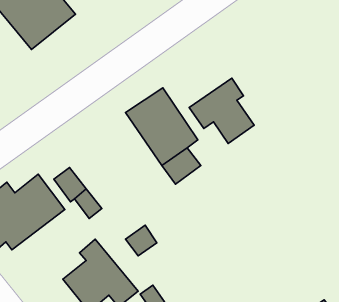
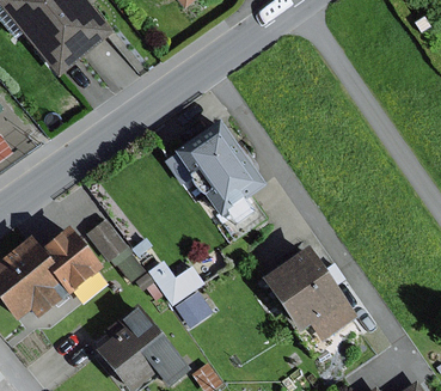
building: [189,78,254,144] -> none
building: none -> [262,246,357,348]
building: none -> [148,261,206,305]

